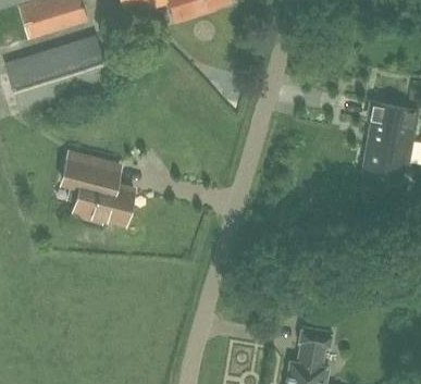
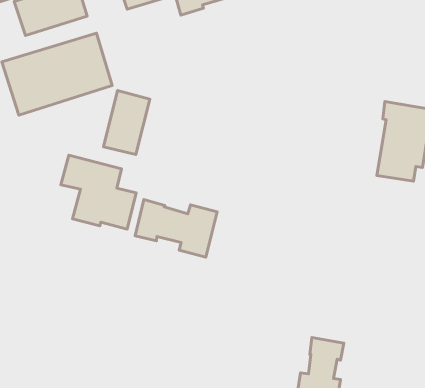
building: none -> [103,90,150,155]
building: none -> [135,199,217,257]

